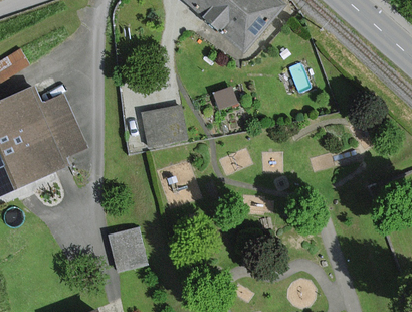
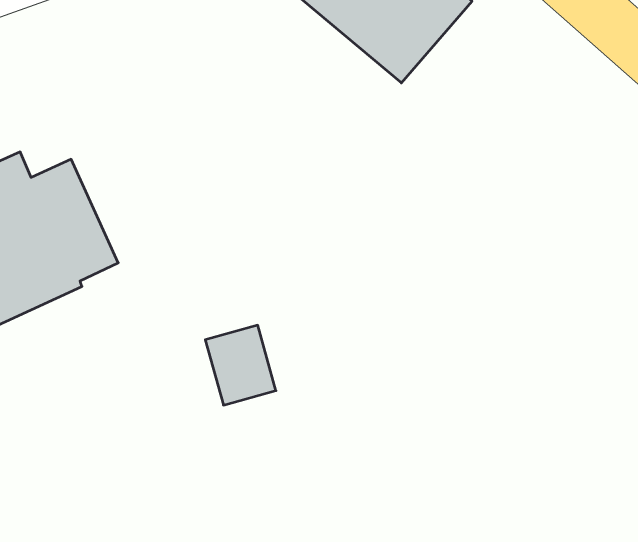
building: [142,106,184,146] -> none
building: [110,229,149,274] -> [205,325,276,405]

